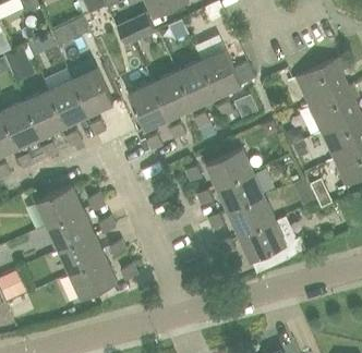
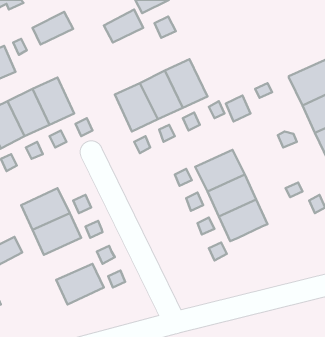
building: [200,50,241,97] -> none
building: [72,68,112,113] -> none
building: [239,220,306,266] -> none
building: [59,233,106,273] -> none

